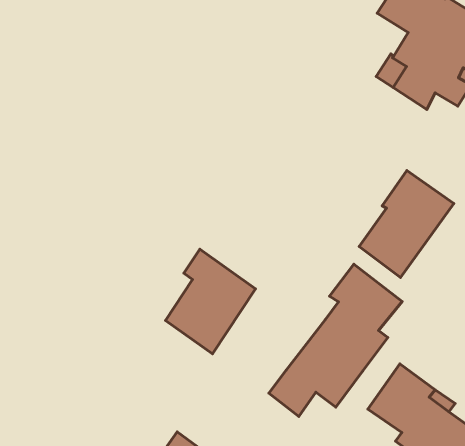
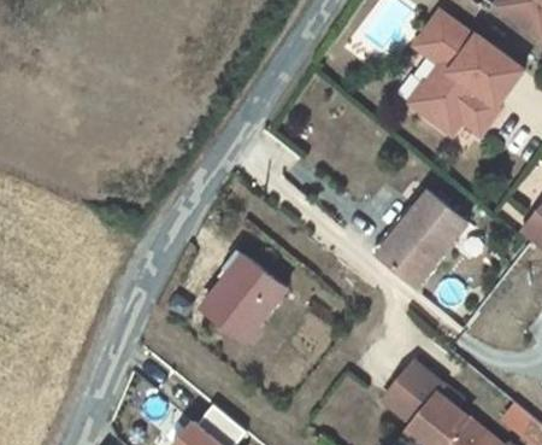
building: [269,264,402,416] -> none

